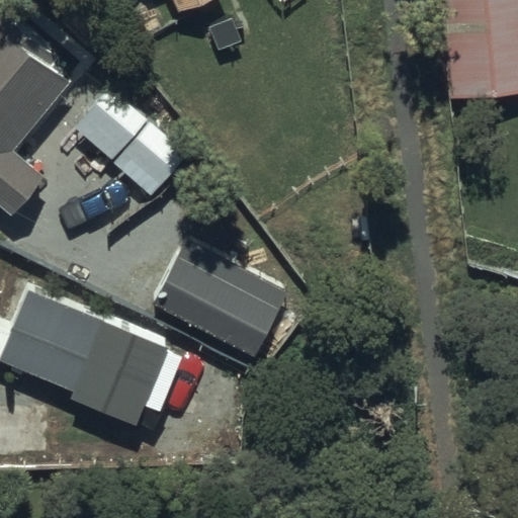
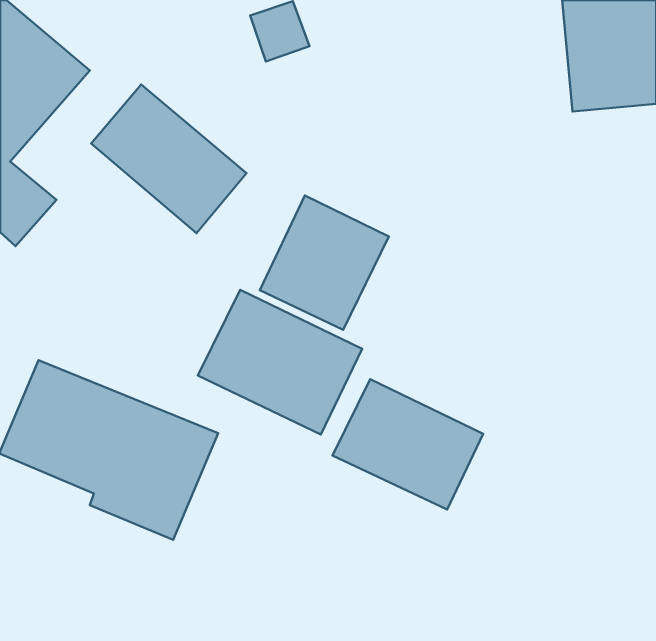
building: none -> [260,195,389,330]
building: none -> [333,379,483,510]

